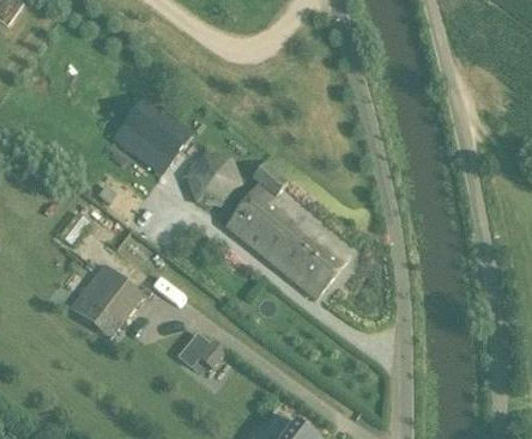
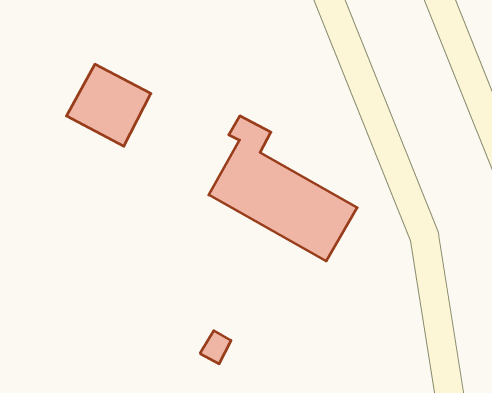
building: [183,154,237,205] -> none
building: [78,263,141,324] -> none

